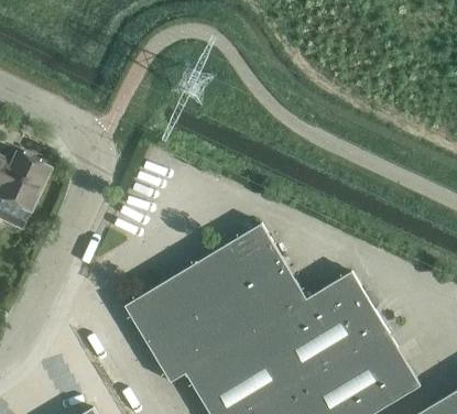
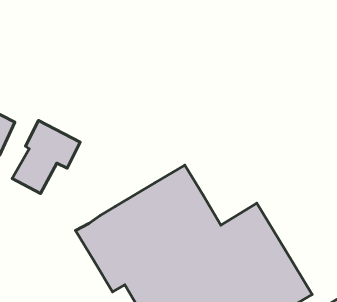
building: none -> [12,120,80,194]

